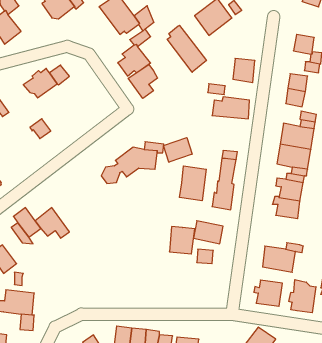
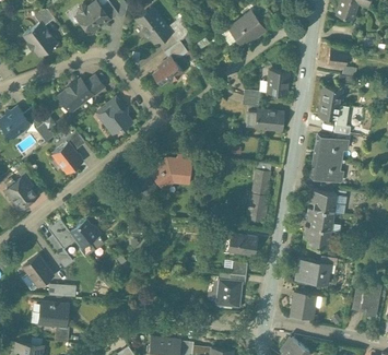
building: [167,25,206,72] -> none
building: [128,64,158,98] -> none
building: none -> [94,98,134,139]
building: none -> [52,142,82,174]
building: [164,138,192,162] -> none
building: [179,166,206,201] -> none
building: none -> [304,226,331,249]
building: [169,227,195,254] -> [216,280,242,307]
building: [289,280,316,313] -> none

